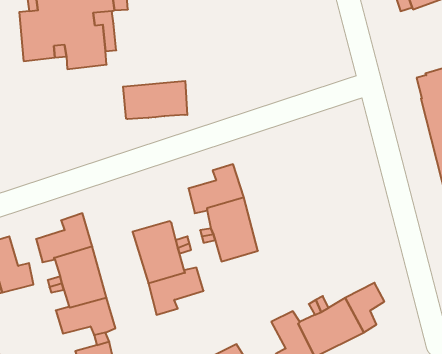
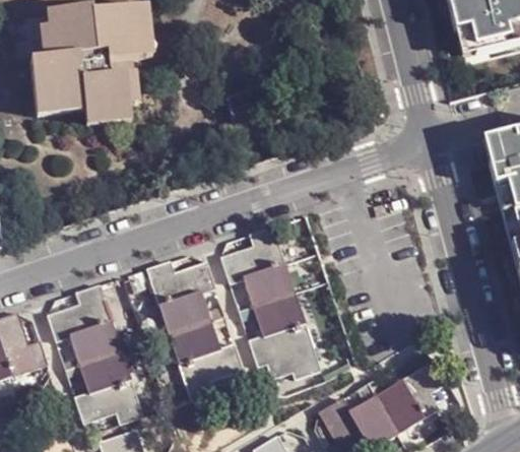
building: [123,81,187,119] -> none
building: none -> [150,263,217,307]
building: none -> [247,328,319,381]

